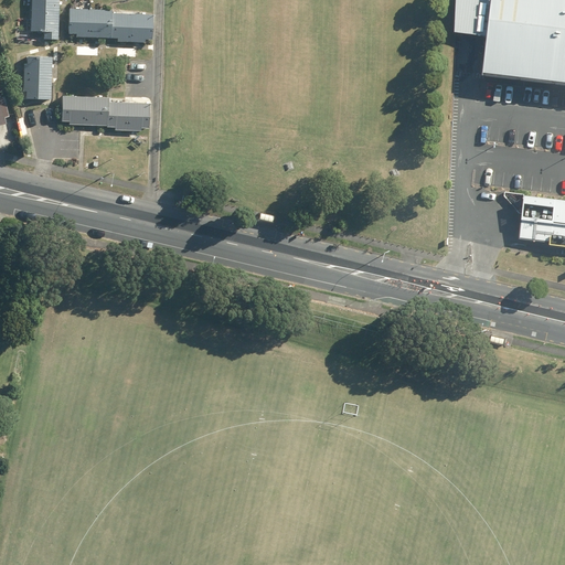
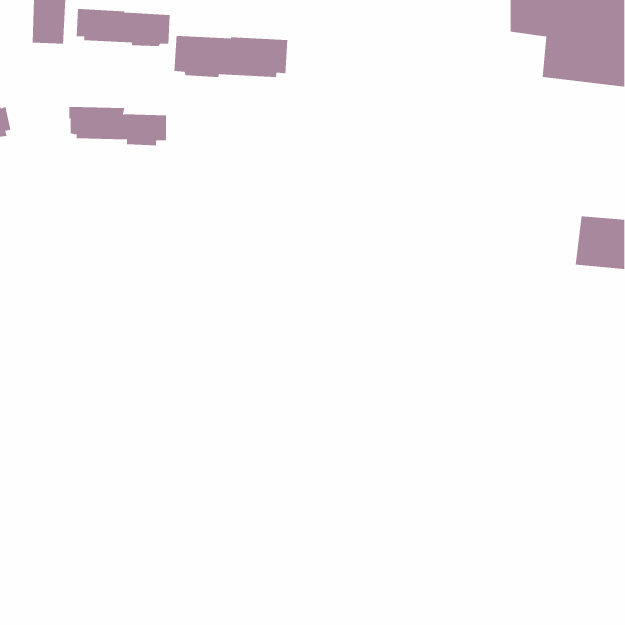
building: none -> [174,35,288,78]
building: [23,53,53,98] -> none

